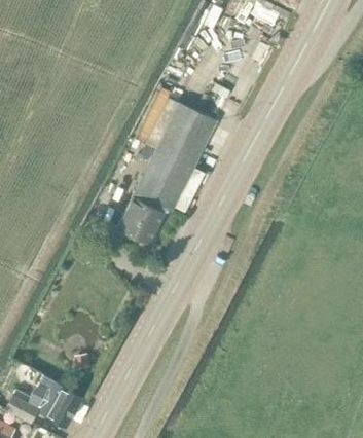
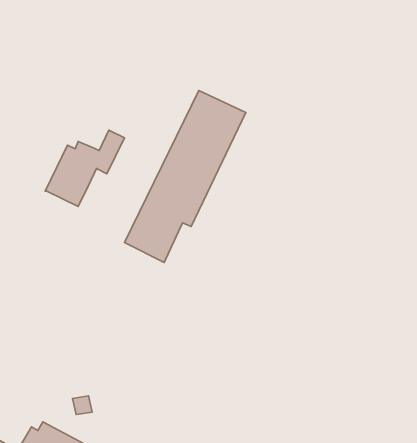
building: none -> [45,130,125,206]

